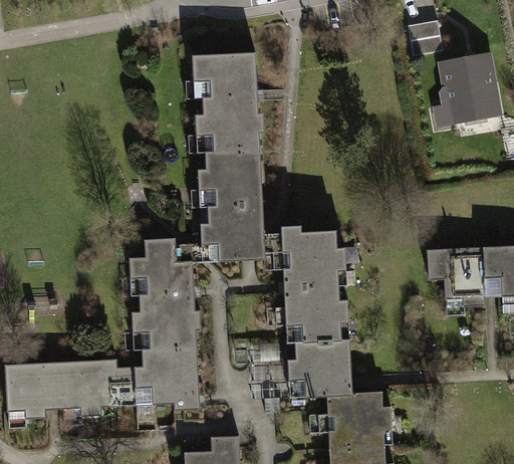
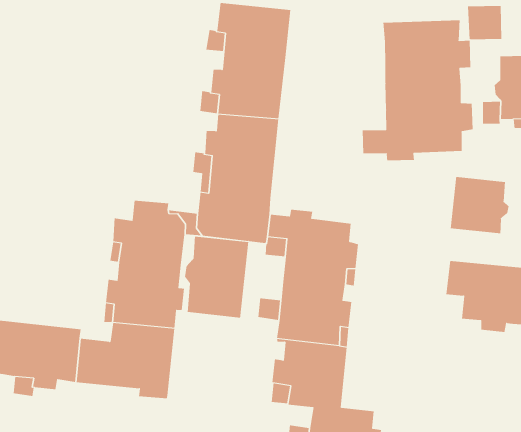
building: none -> [362,20,473,161]
building: none -> [450,176,509,234]
building: none -> [184,236,249,318]

